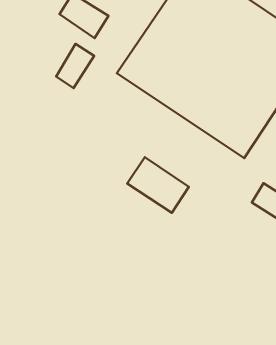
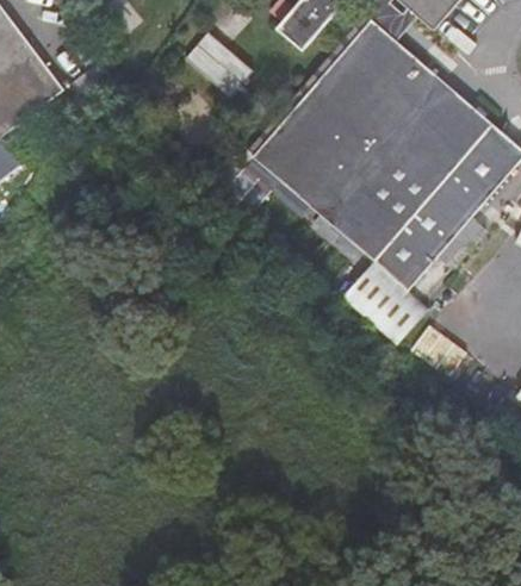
building: [56,44,94,88] -> none
building: [127,157,189,213] -> [340,264,422,344]

